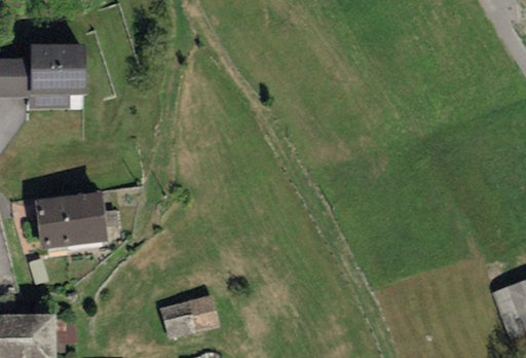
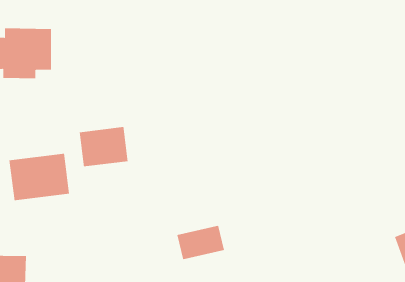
building: none -> [79,126,128,167]
building: [160,294,218,335] -> [177,225,225,260]

